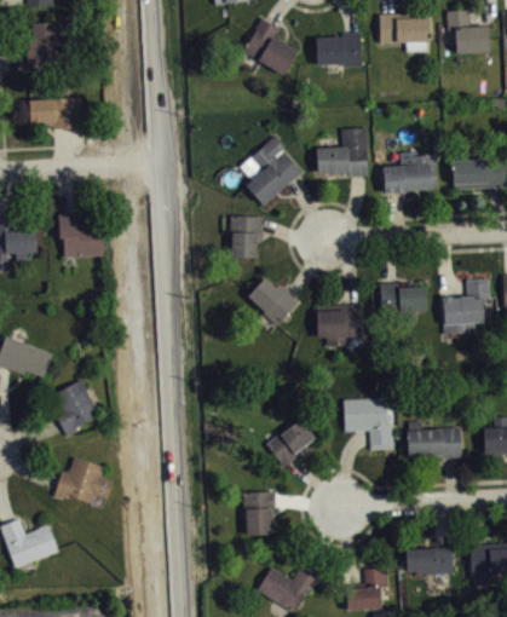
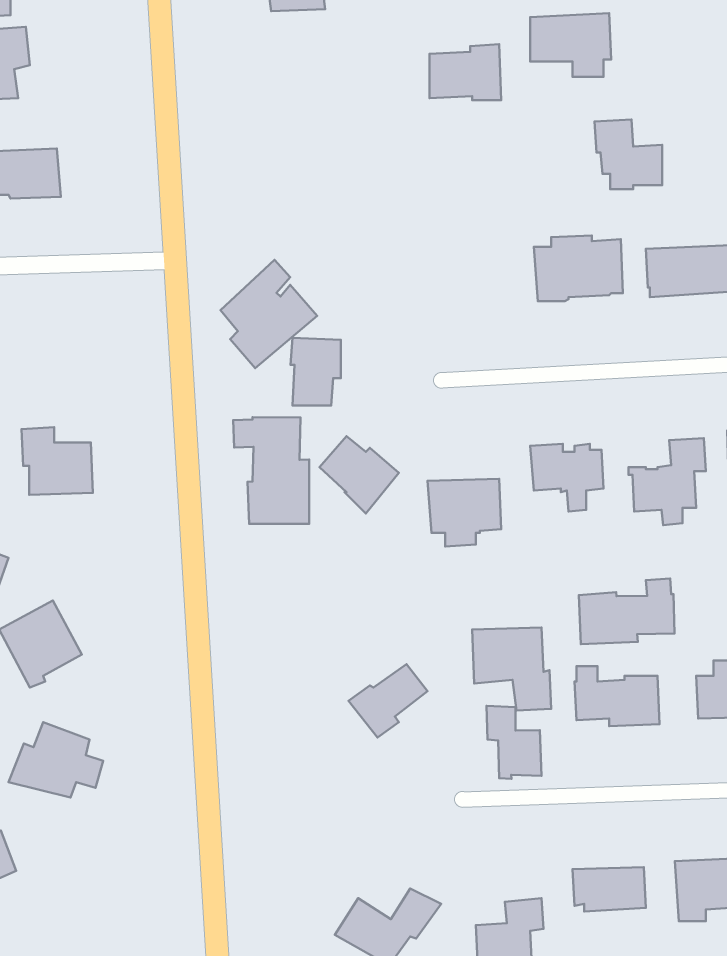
building: [446,11,489,54] -> [595,120,662,189]
building: [244,19,298,75] -> none
building: [317,128,369,178] -> none
building: [241,137,301,204] -> [220,260,317,368]
building: [58,214,103,256] -> [21,427,93,495]
building: none -> [233,417,309,524]
building: none -> [579,579,675,644]
building: none -> [487,706,542,779]
building: [243,492,275,535] -> none

